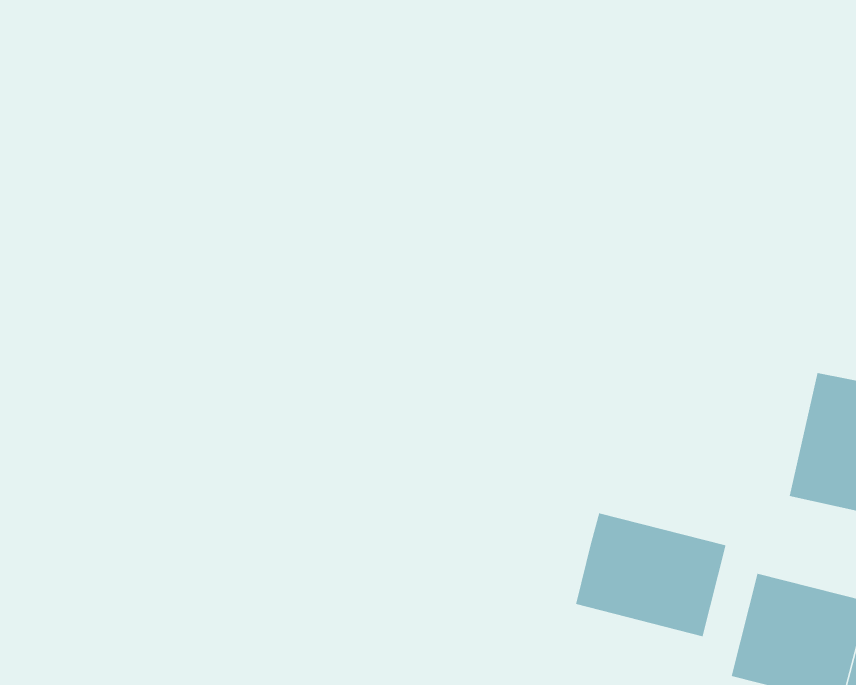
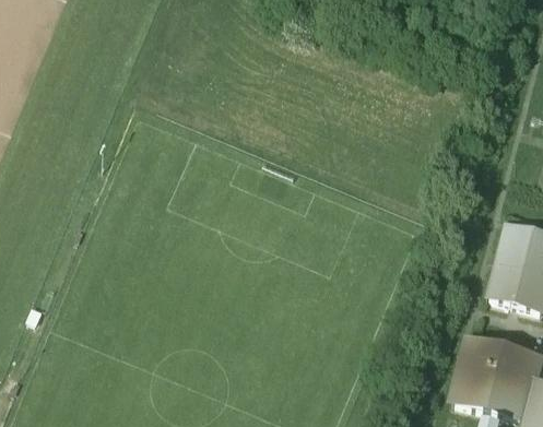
building: [576,513,726,637] -> none

